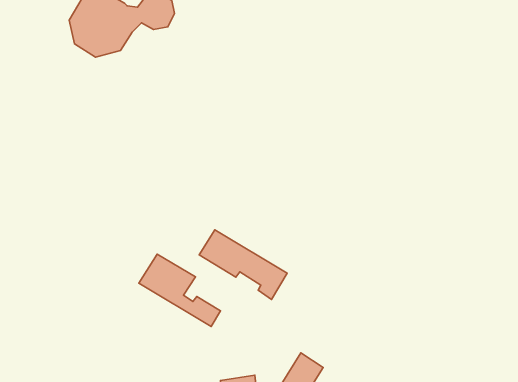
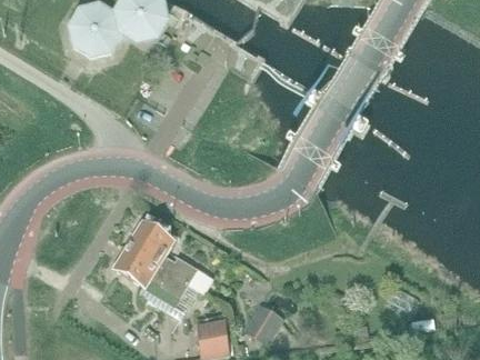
building: [199,230,287,299] -> [114,247,189,306]

